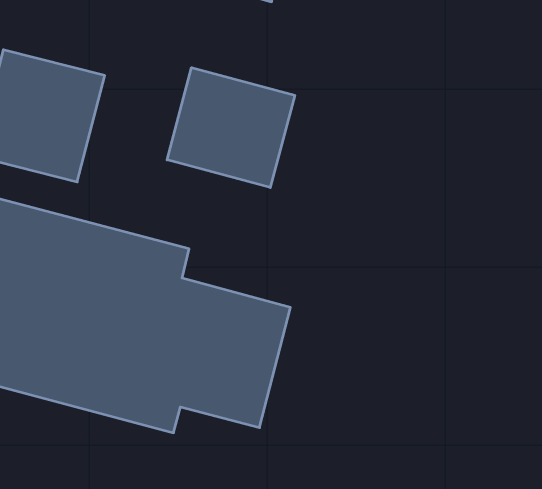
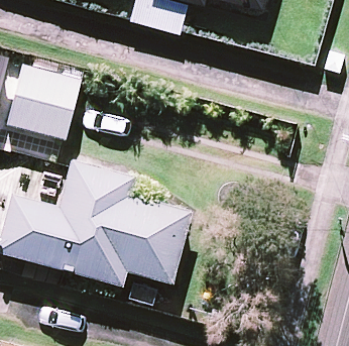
building: [167,68,295,188] -> none

